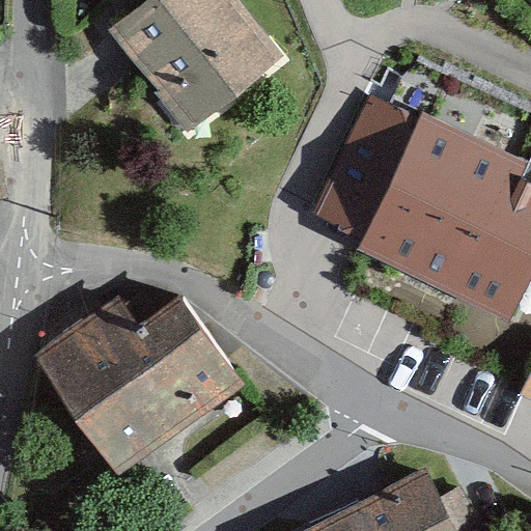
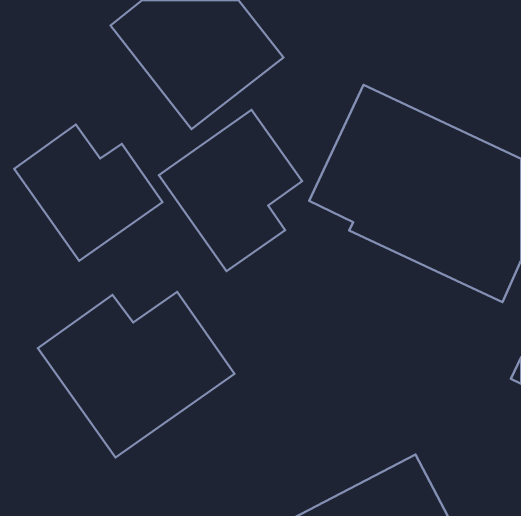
building: none -> [159,110,302,271]
building: none -> [14,125,163,261]

